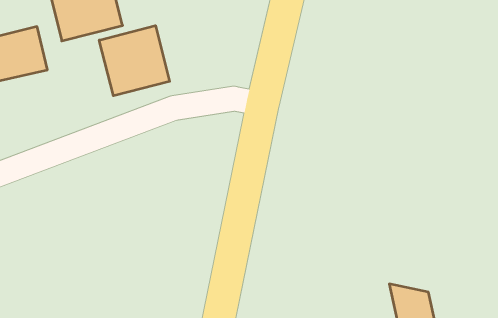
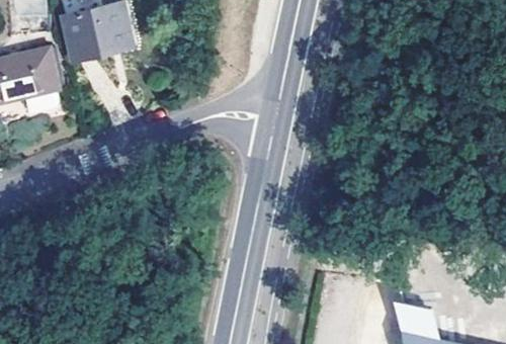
building: [99,26,170,96] -> none

